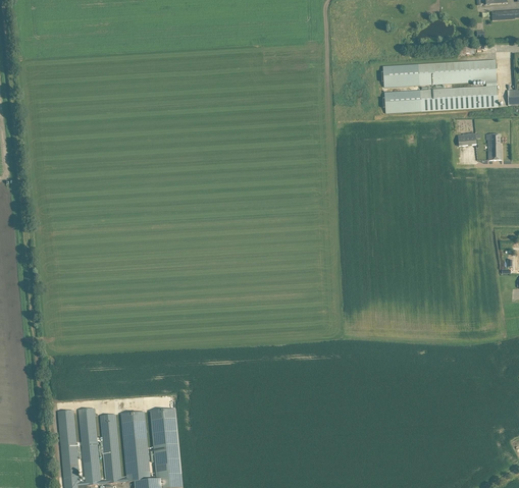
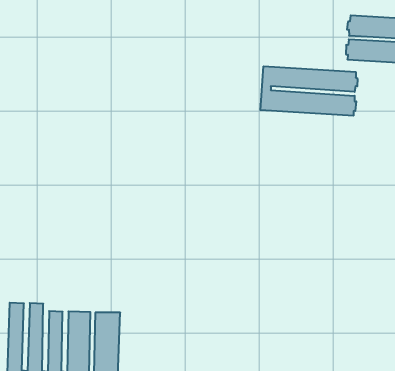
building: none -> [260,66,357,116]

